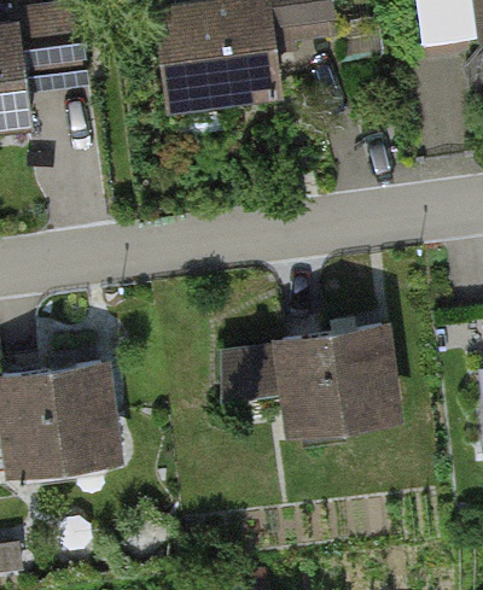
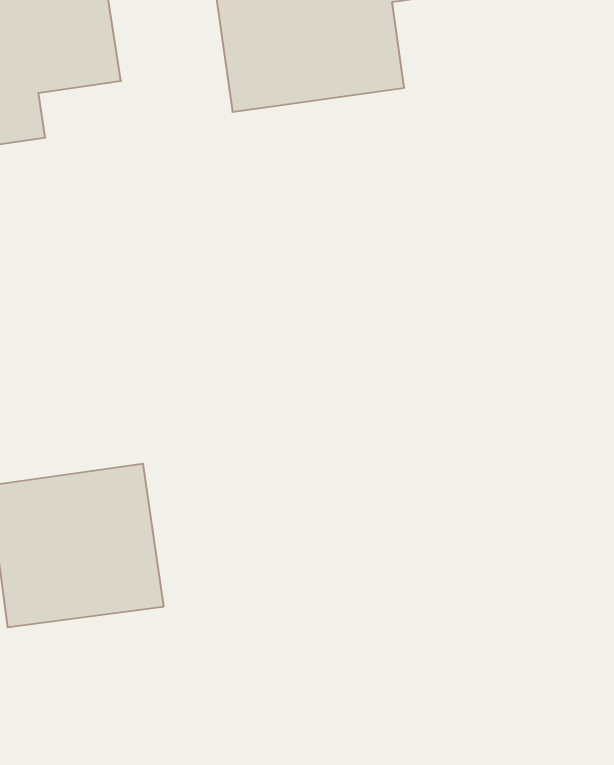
building: [270,327,400,442] -> none

